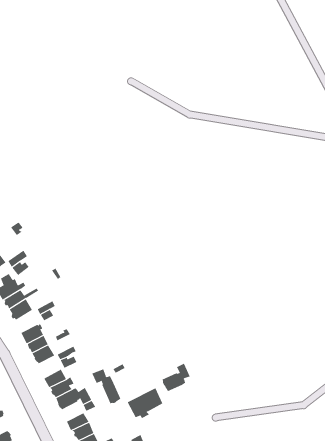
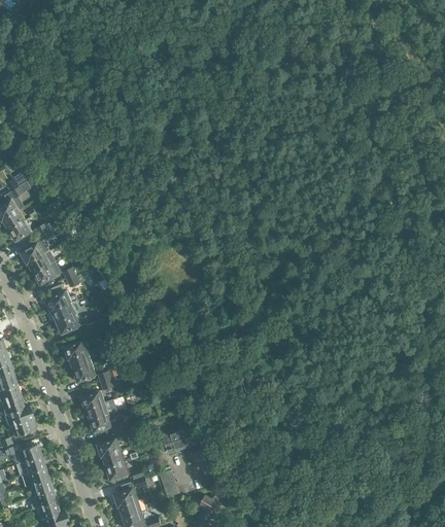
building: [162,363,191,392] -> none
building: [91,368,121,404] -> none

